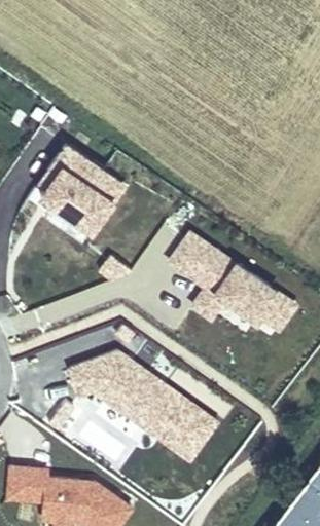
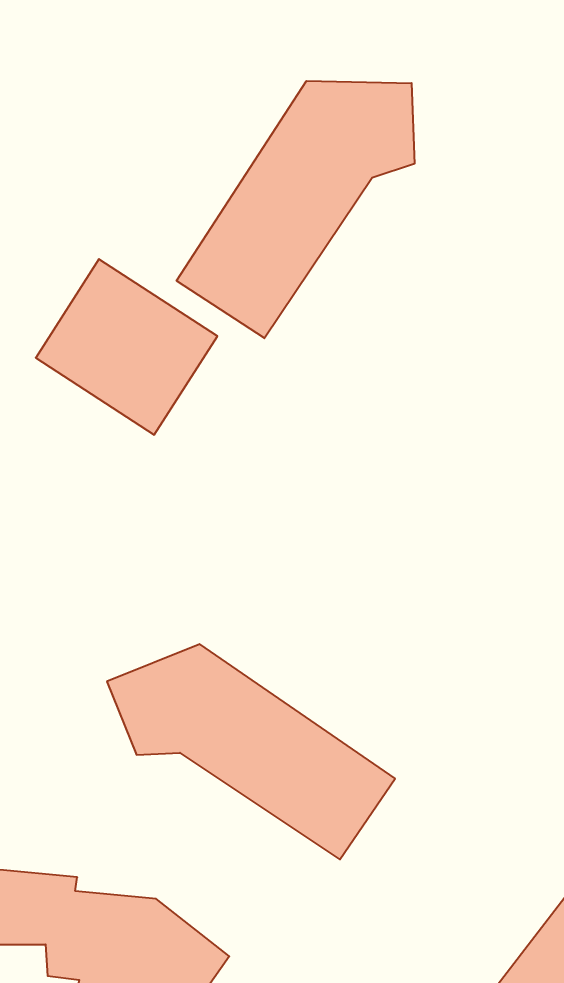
building: none -> [177,81,415,338]
building: [166,232,297,334] -> none

